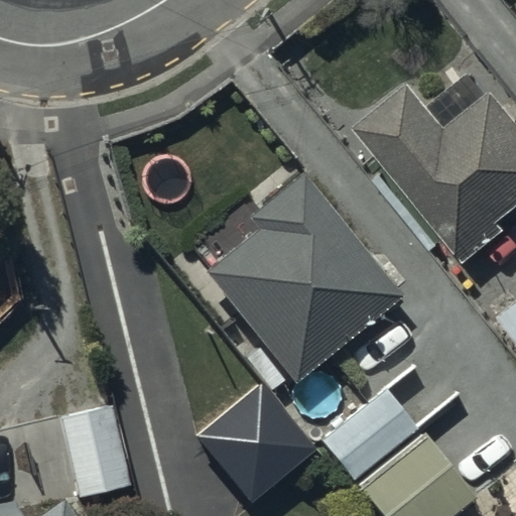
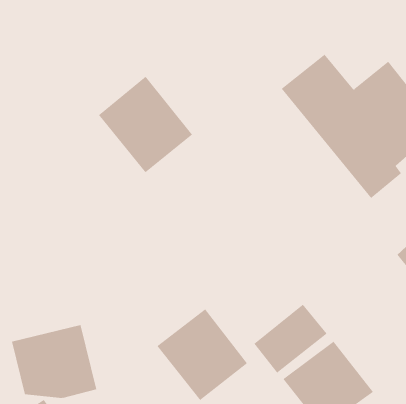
building: none -> [98,76,193,173]
building: [204,170,398,377] -> none

